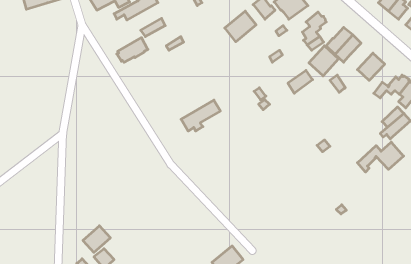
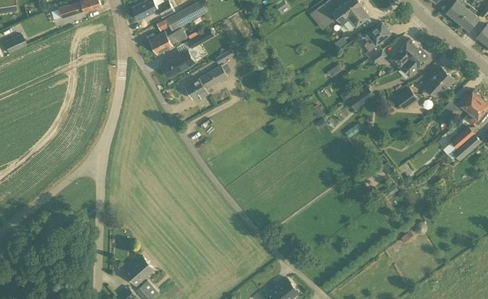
building: [225,11,256,42] -> none
building: none -> [150,28,186,53]
building: [309,46,338,76] -> none
building: [181,100,220,131] -> [184,65,227,99]
building: [357,142,404,172] -> none

